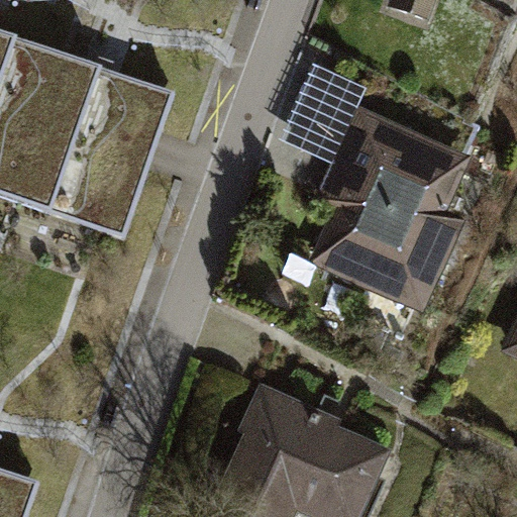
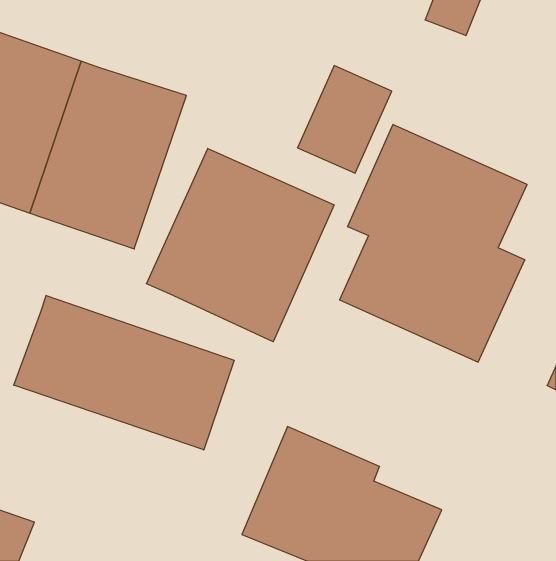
building: none -> [147,148,334,342]
building: none -> [14,295,234,450]

